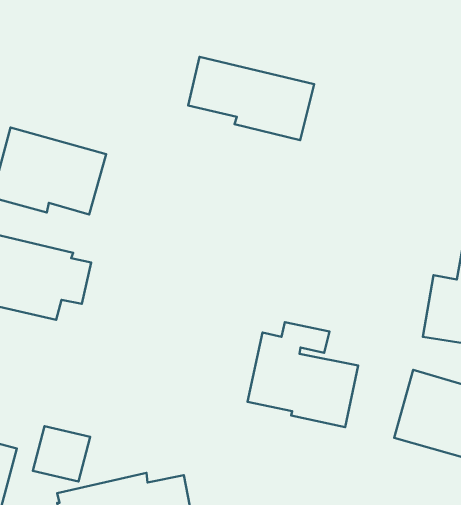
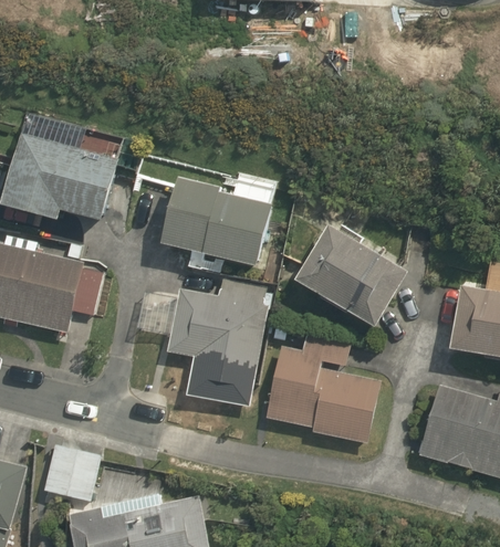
building: [188,57,314,140] -> none
building: none -> [158,178,271,267]
building: none -> [292,224,407,330]
building: none -> [166,278,269,389]

